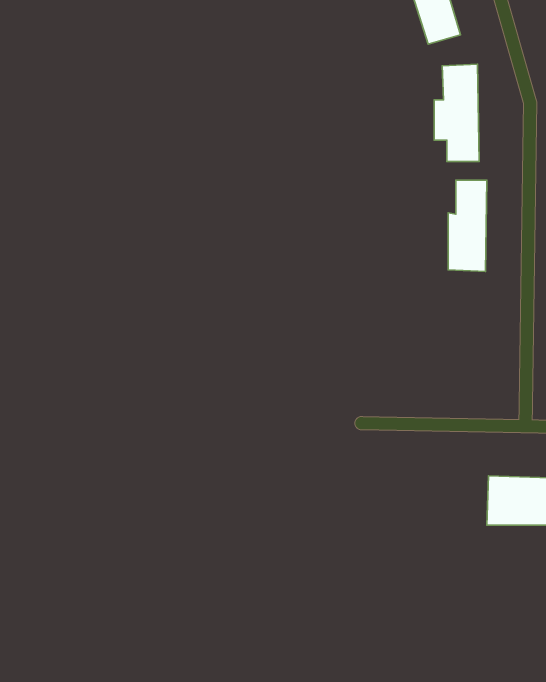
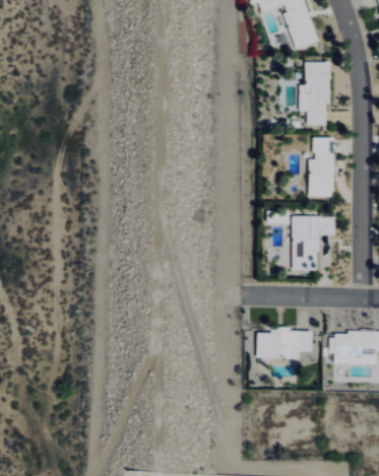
building: none -> [292,217,335,271]
building: none -> [257,328,312,358]

